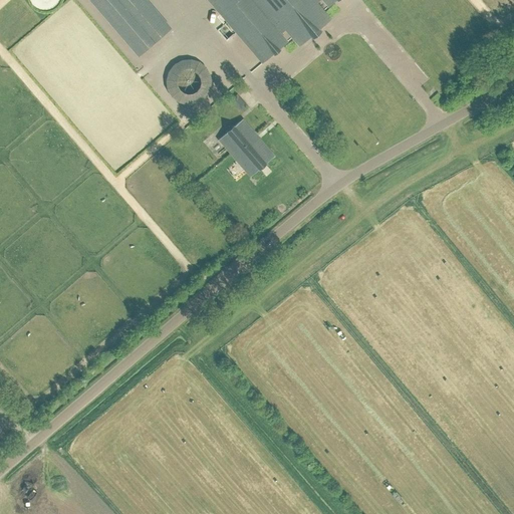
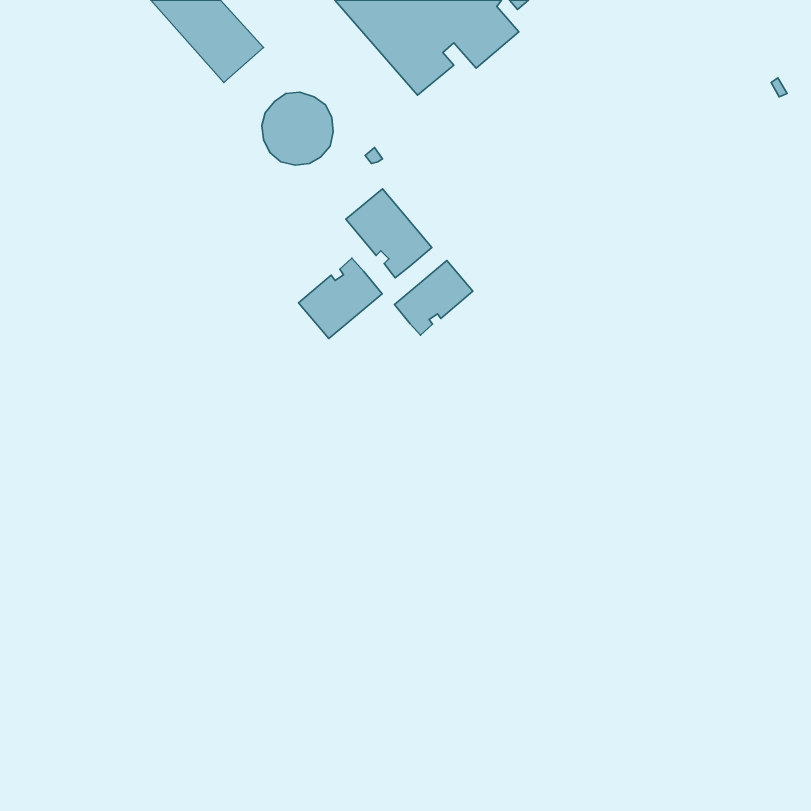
building: none -> [299,258,382,339]
building: none -> [394,261,473,335]

